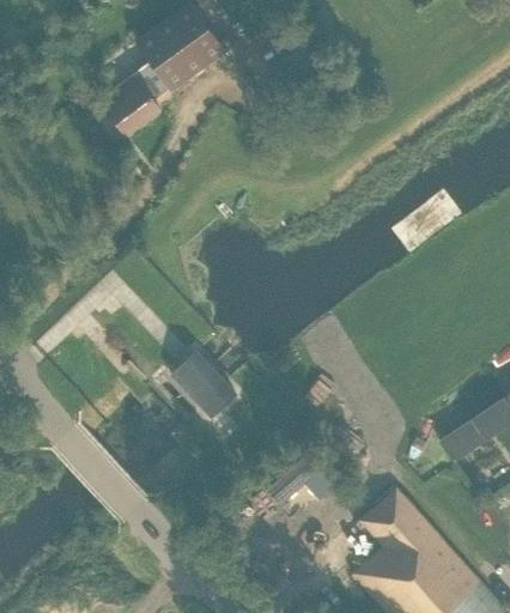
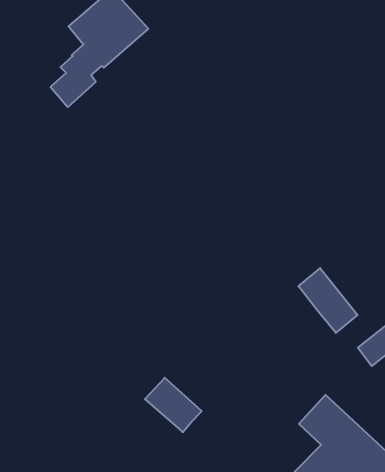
building: none -> [298,268,358,333]
building: [171,353,236,418] -> [145,378,202,432]

